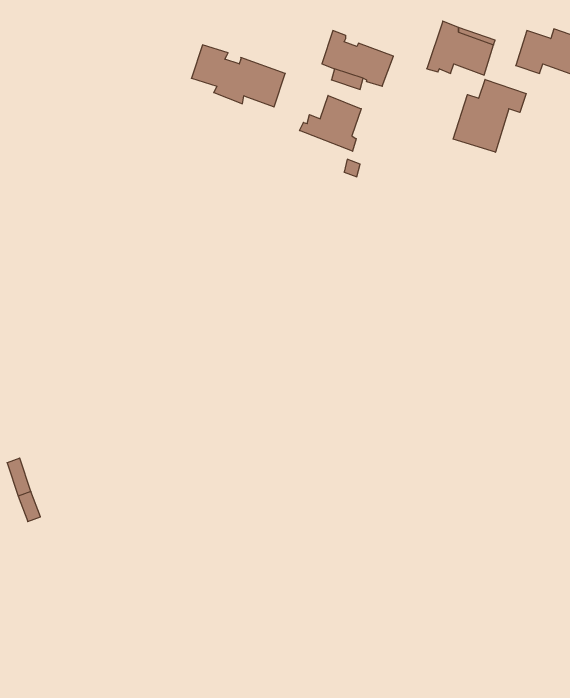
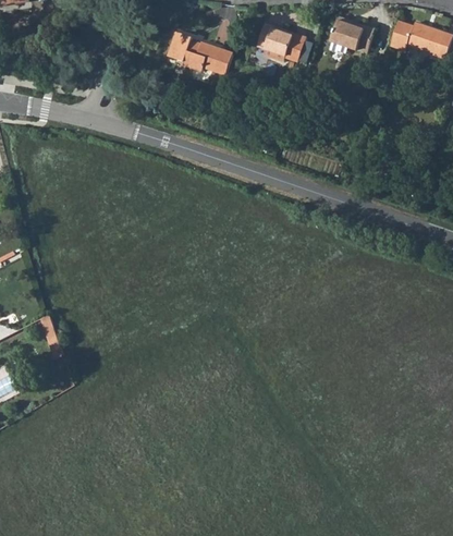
building: [453,79,526,152] -> none
building: [300,95,361,151] -> none

